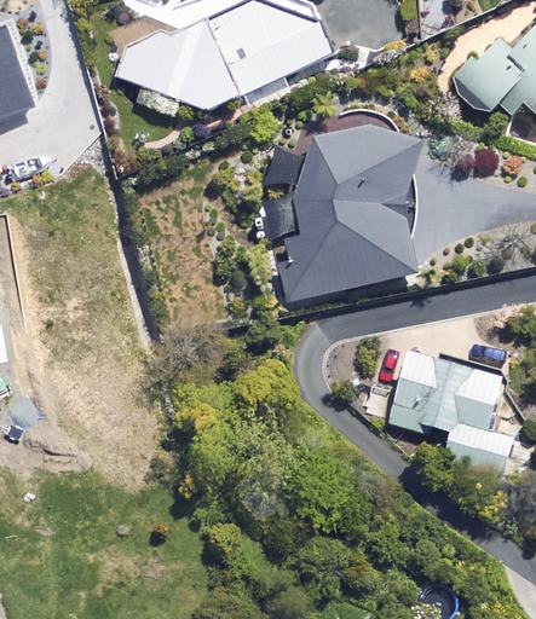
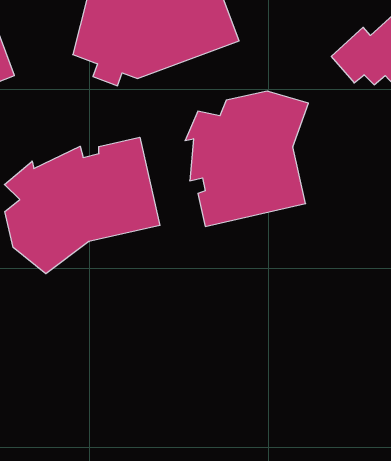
building: none -> [4,137,160,274]
building: [392,353,513,472] -> none

